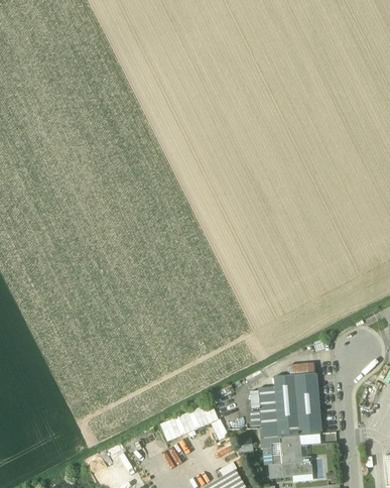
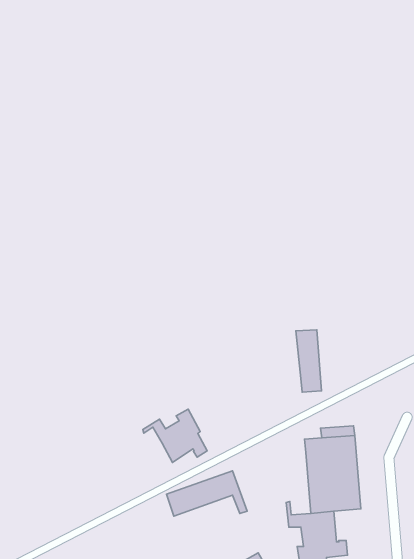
building: none -> [143,409,207,462]
building: [258,388,279,440] -> [296,330,322,392]

